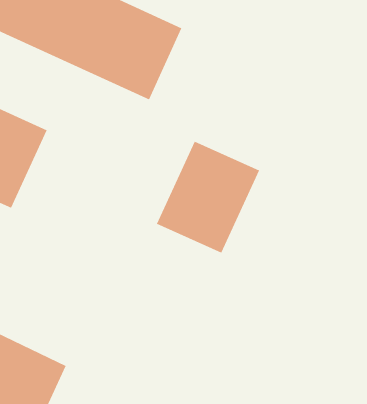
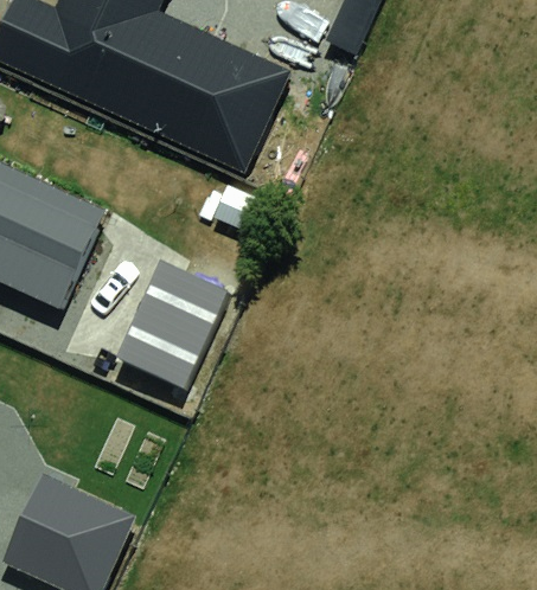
building: [156,141,260,254] -> none
building: none -> [115,259,228,387]

